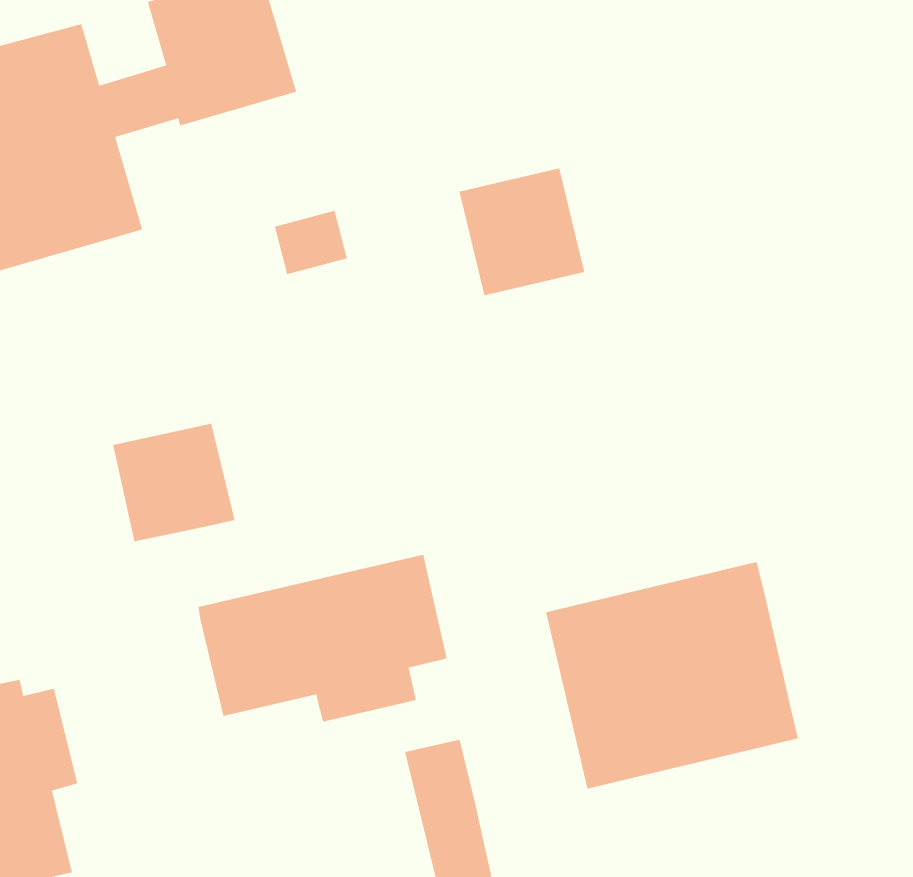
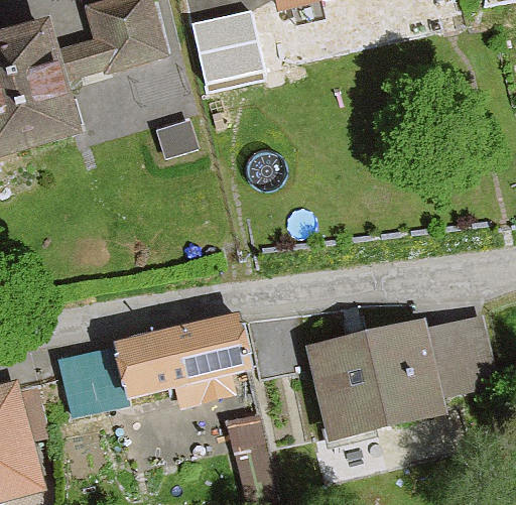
building: [459,167,585,296] -> [192,10,263,82]
building: [112,423,235,542] -> [58,348,127,414]
building: none -> [428,319,498,397]

